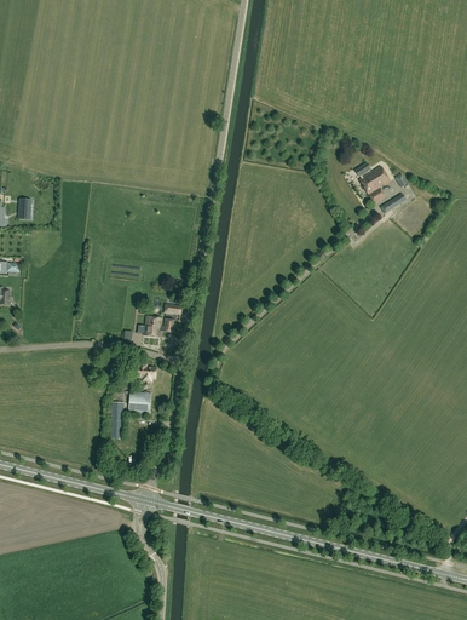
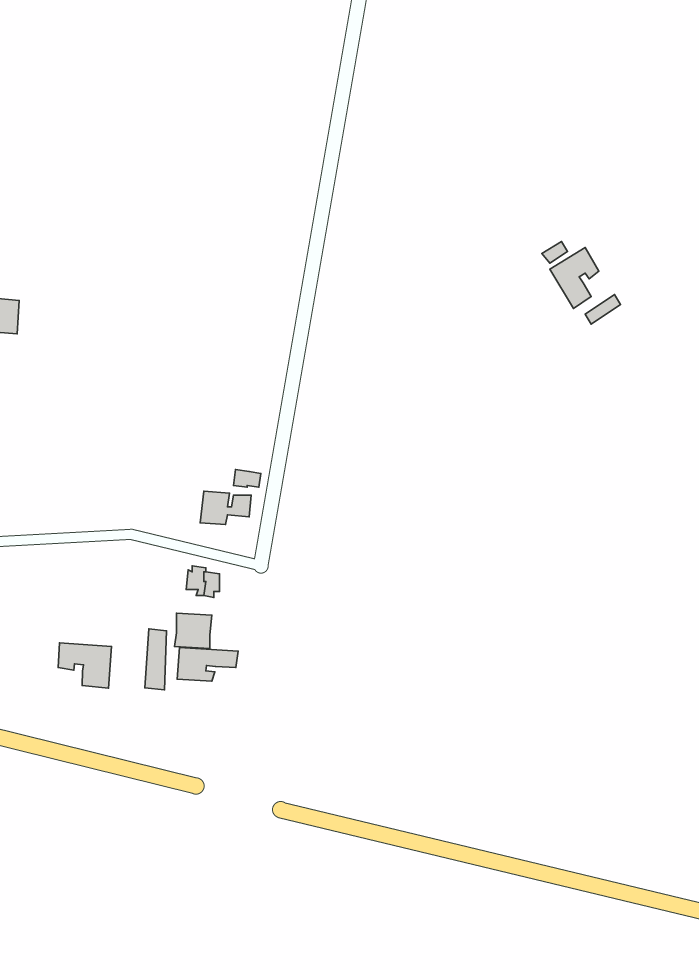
building: none -> [58,643,111,688]
building: none -> [177,647,238,681]

